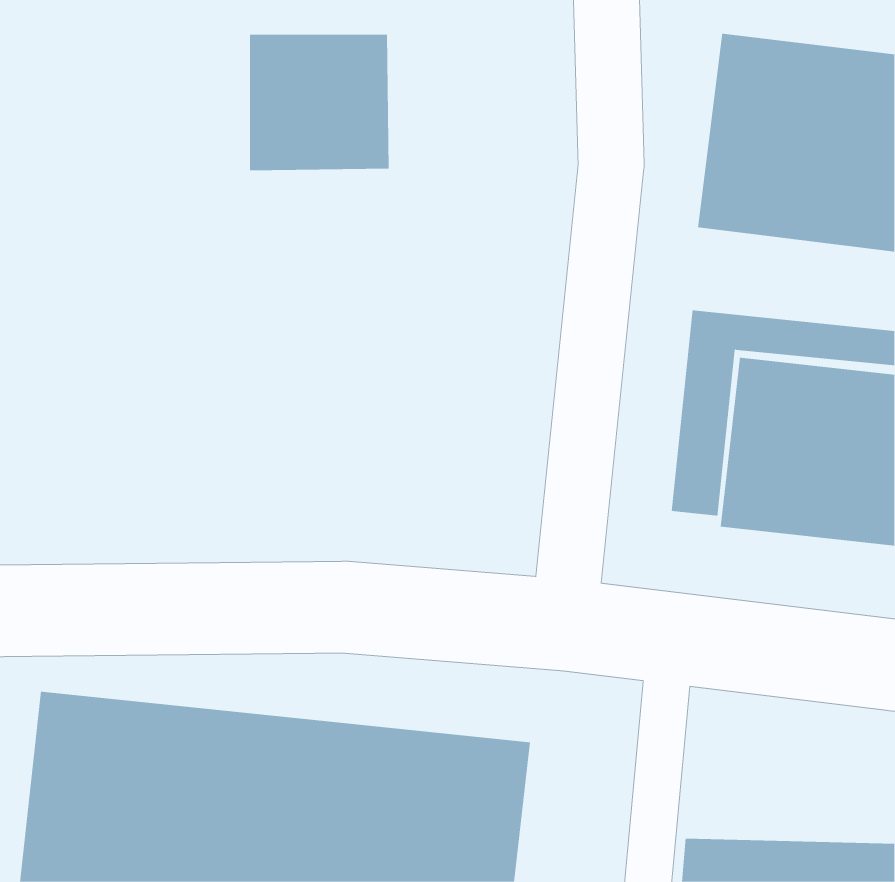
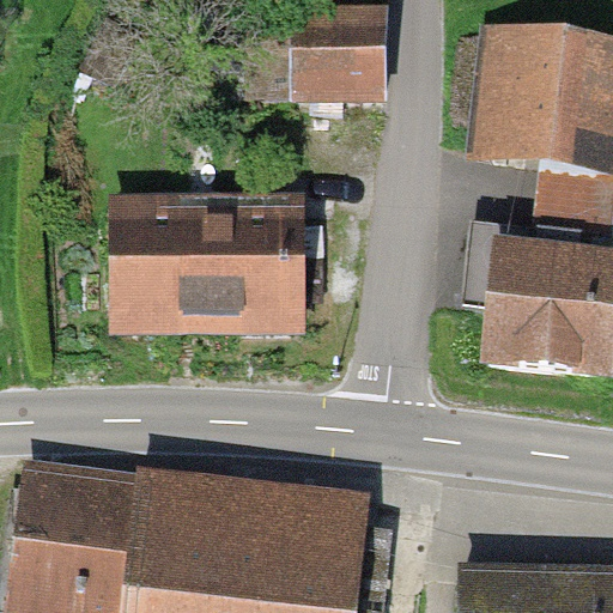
building: [249,34,389,171] -> [296,11,392,104]
building: none -> [120,204,306,327]

